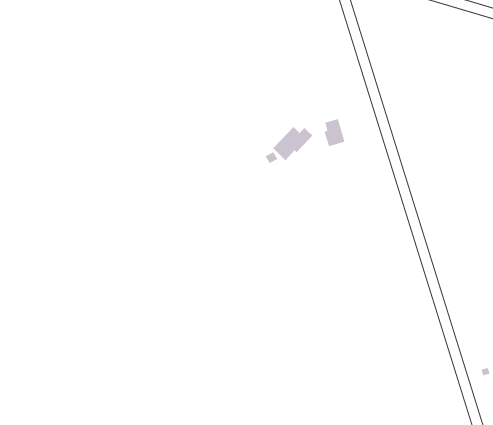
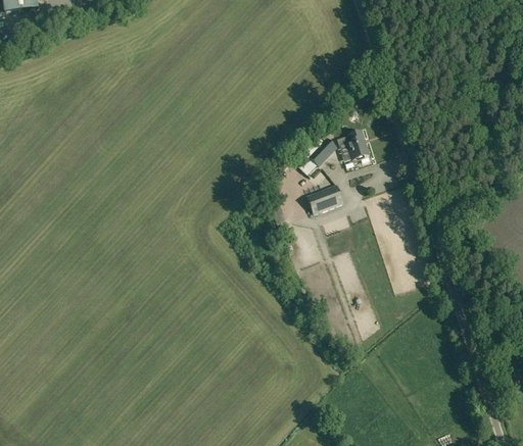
building: none -> [306,185,343,214]

